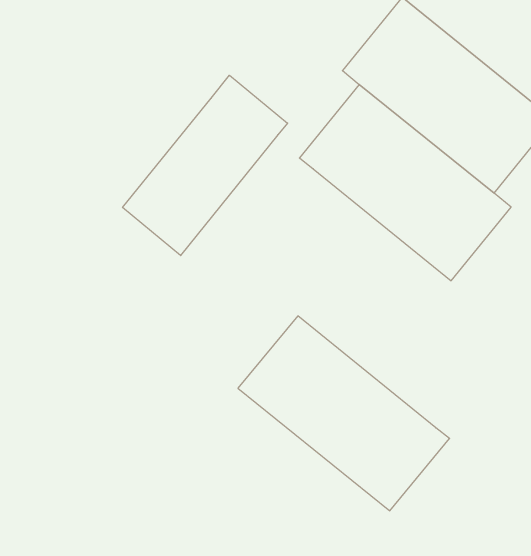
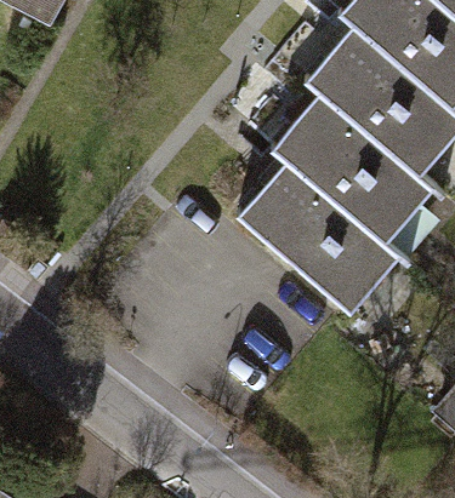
building: [123,75,288,256] -> none
building: [238,316,450,511] -> [228,167,396,321]

